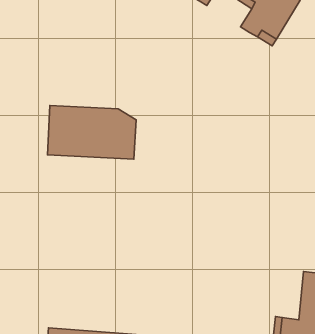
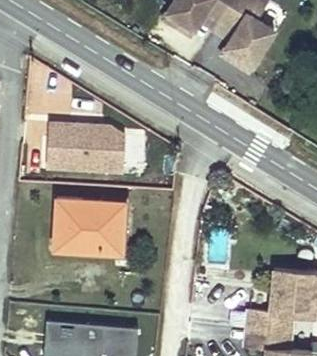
building: none -> [55,198,125,252]

